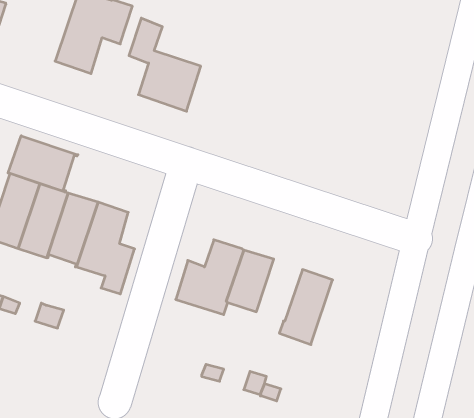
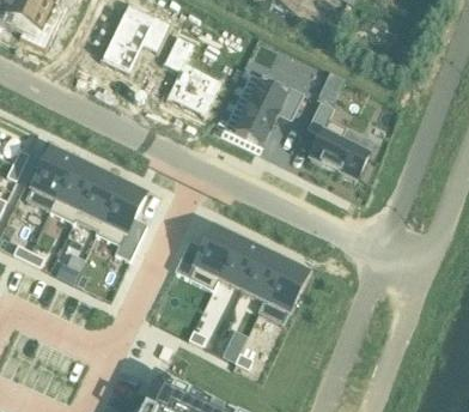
building: none -> [234,74,304,144]
building: none -> [306,102,372,182]
building: [8,136,78,192] -> none
building: none -> [240,249,284,302]

